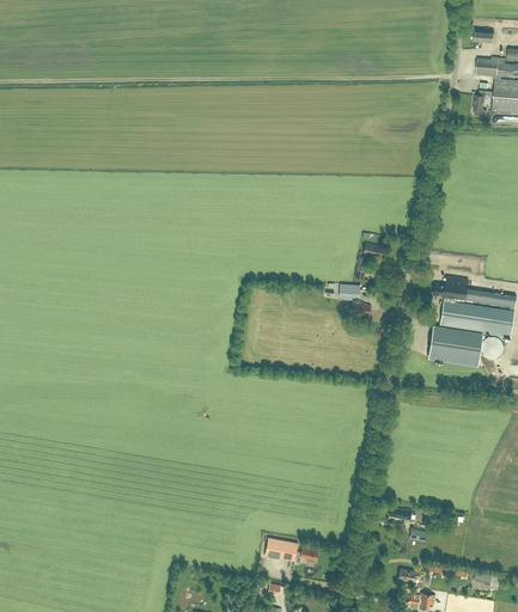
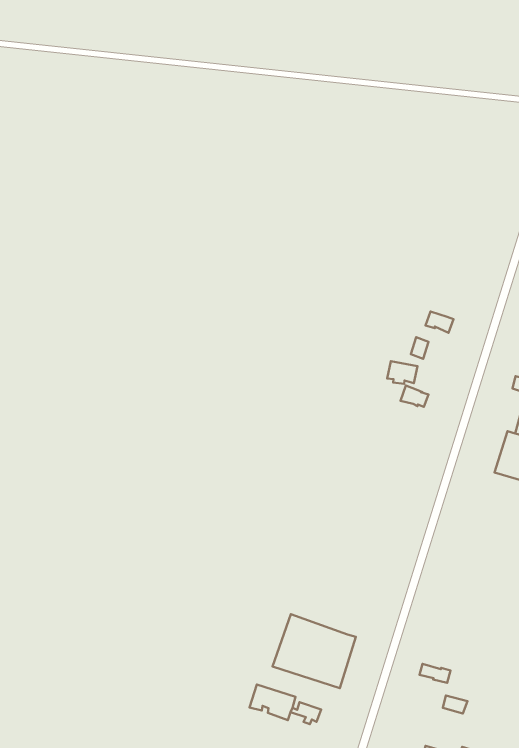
building: none -> [273,614,356,688]

